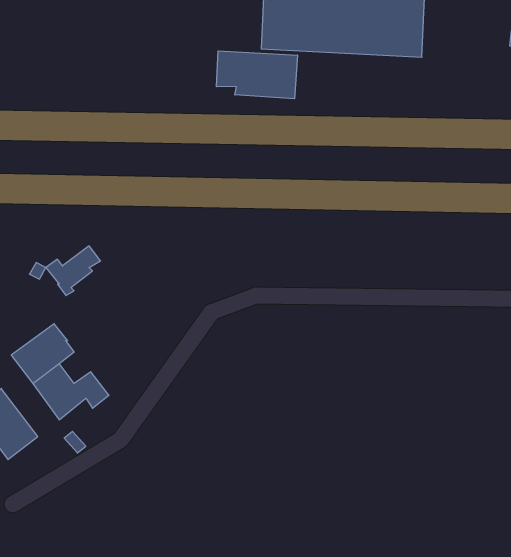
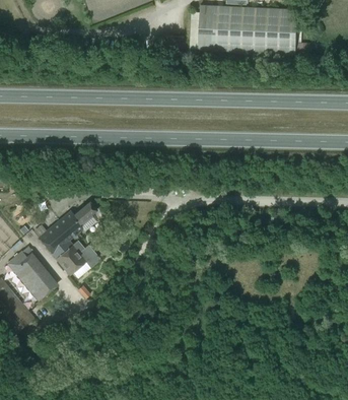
building: [216,51,297,99] -> none
building: [46,246,101,296] -> [68,203,101,234]

